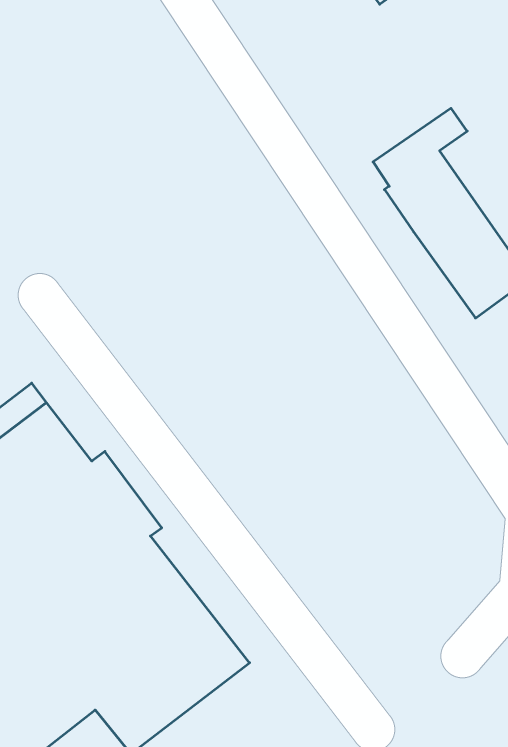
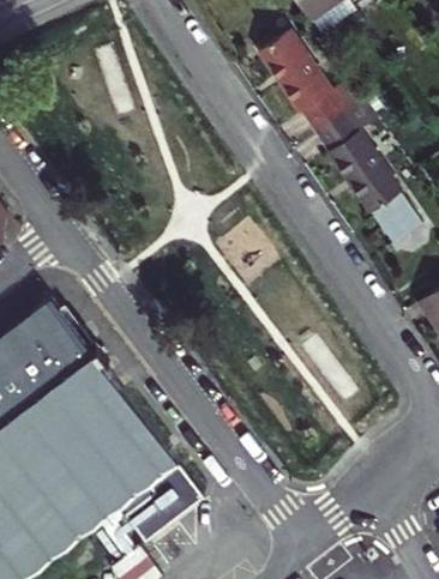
building: none -> [246,25,366,132]

